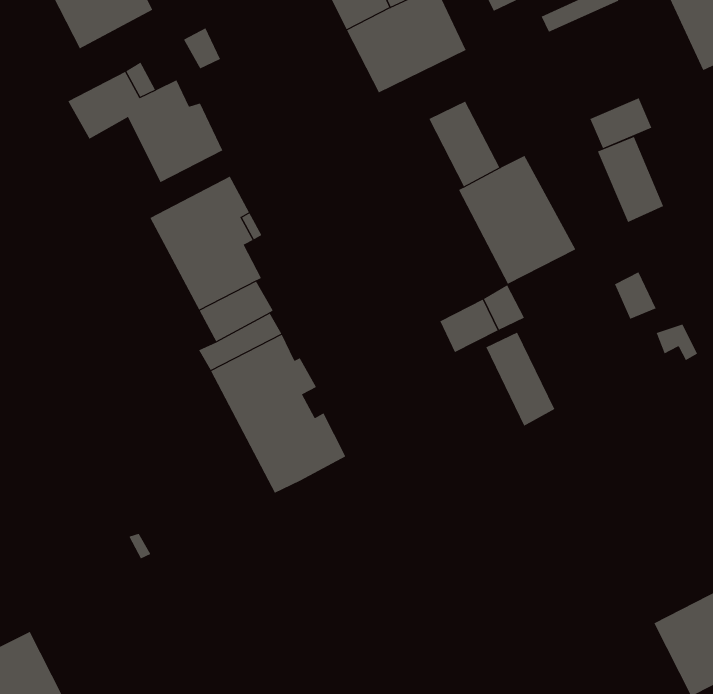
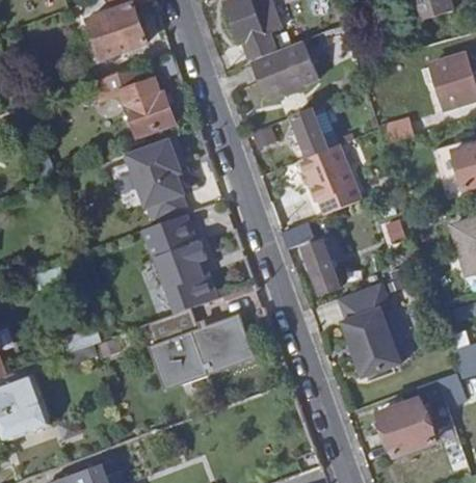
building: [597,136,664,223] -> none
building: none -> [337,284,405,382]
building: none -> [149,310,257,392]

